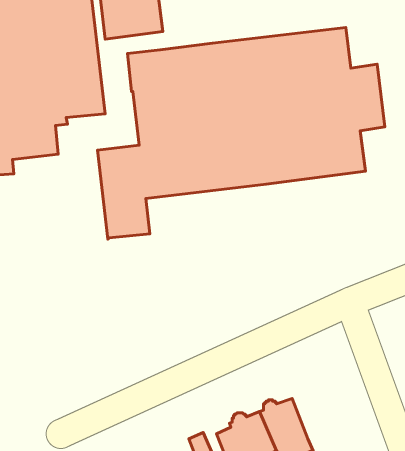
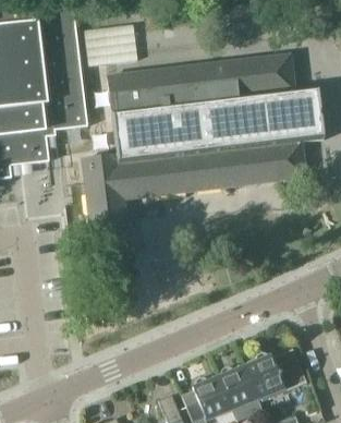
building: none -> [245,351,305,400]

